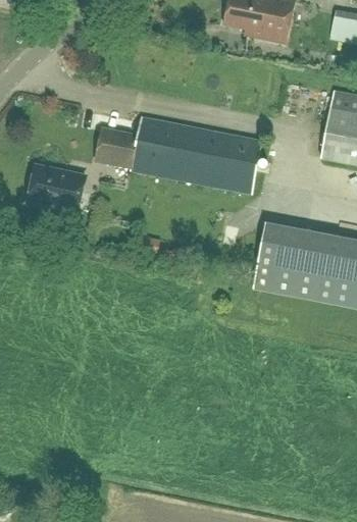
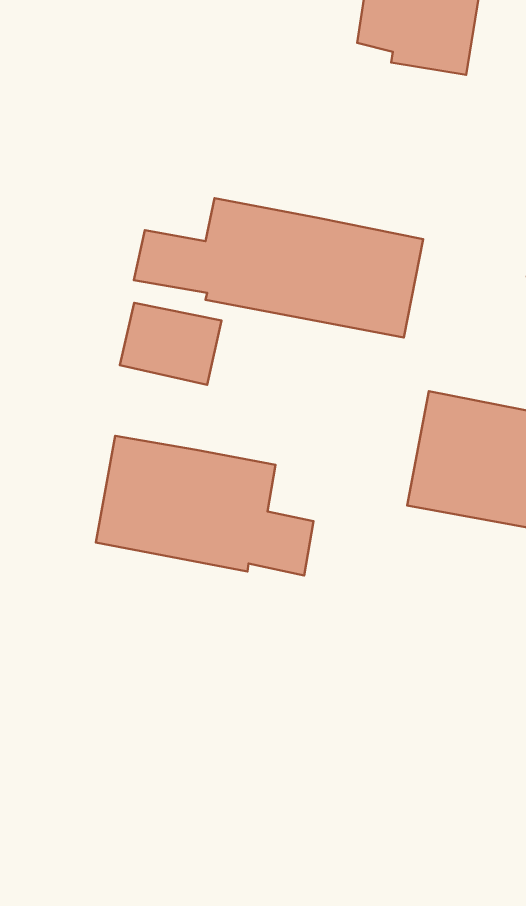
building: [27,166,85,213] -> [120,303,222,385]
building: none -> [96,436,314,576]

